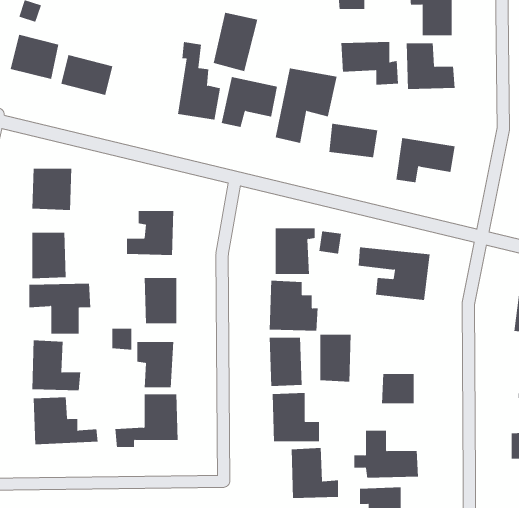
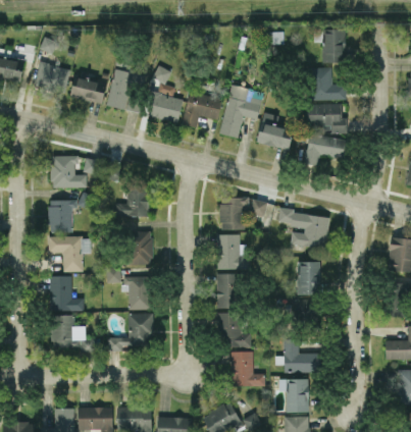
building: [213,12,258,72] -> [106,68,138,110]
building: [341,41,399,85] -> [306,103,347,133]
building: [319,334,351,382] -> [298,261,320,294]

